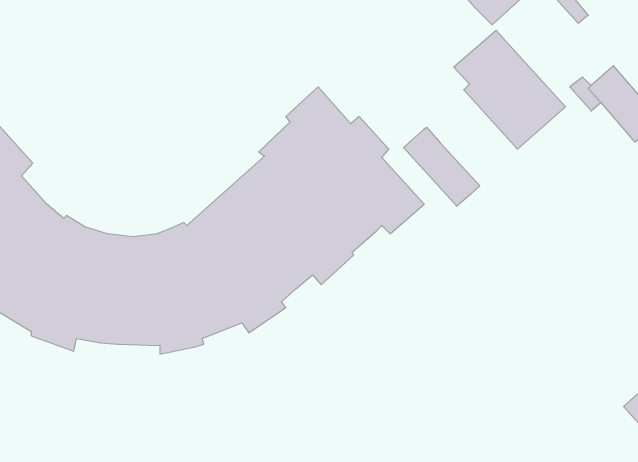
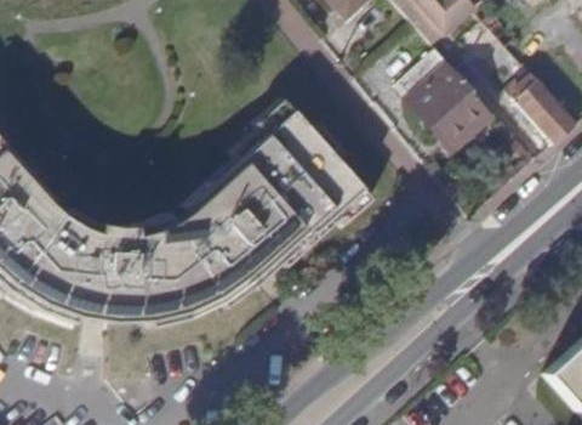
building: [404,127,480,206] -> none

